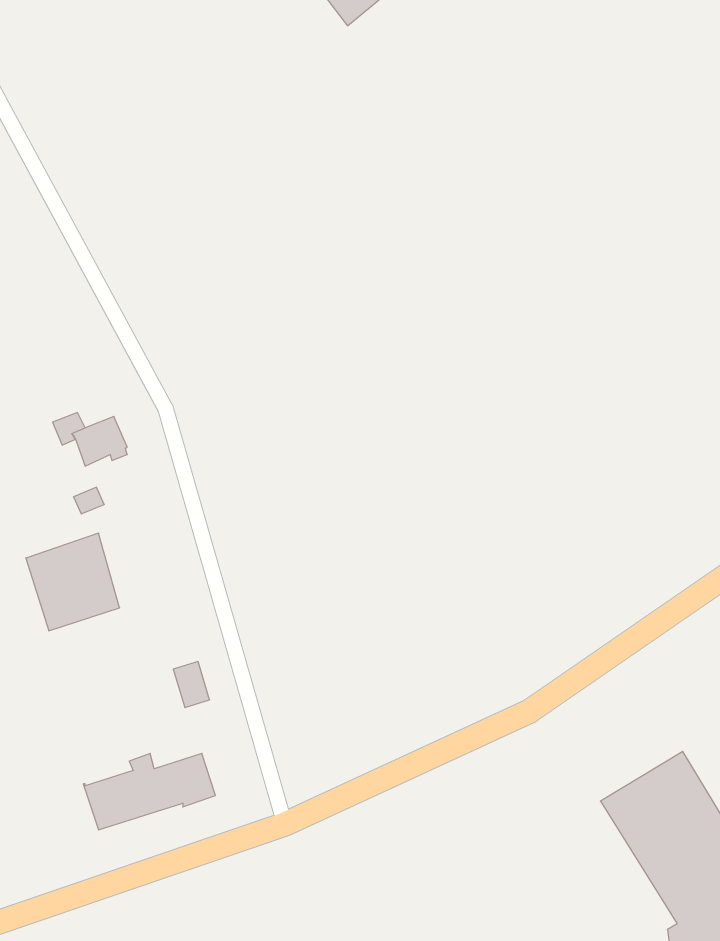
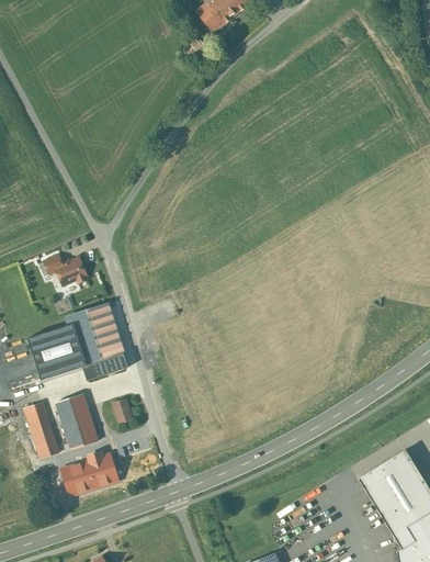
building: none -> [67,304,128,381]
building: none -> [56,394,98,448]
building: none -> [24,402,58,458]

